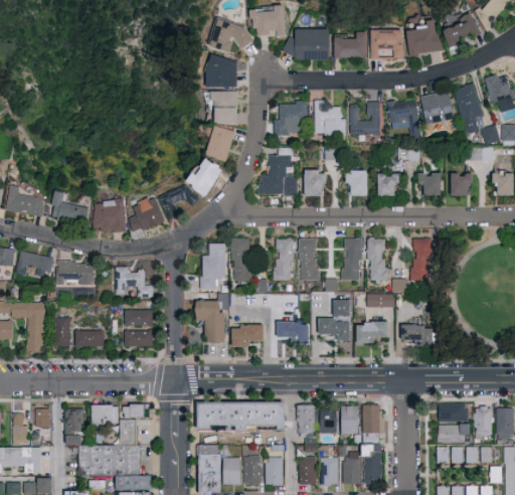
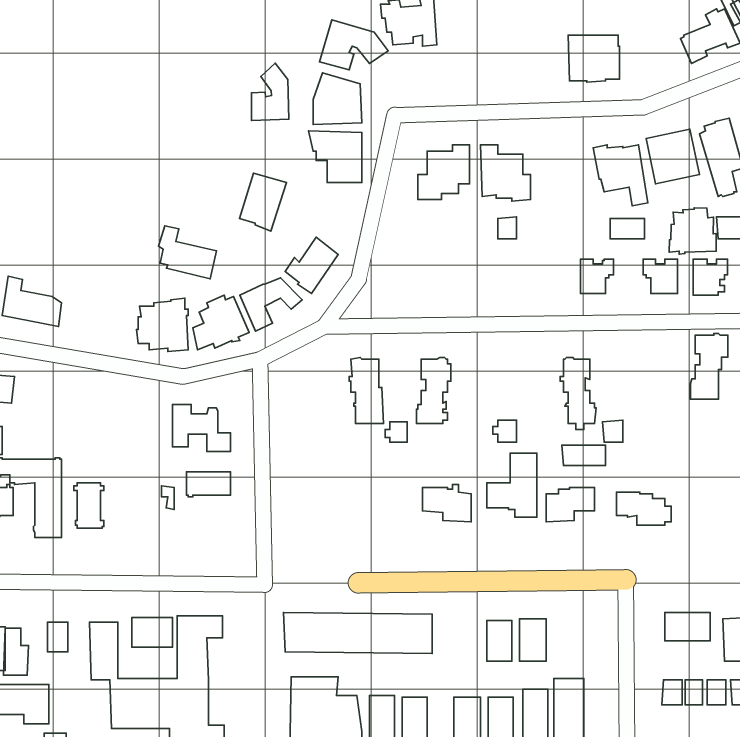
building: [407,20,445,56] -> none
building: [283,30,330,60] -> none
building: [335,32,367,59] -> none
building: none -> [251,63,289,120]
building: [350,102,380,135] -> none
building: [206,126,236,163] -> [240,173,286,231]
building: none -> [669,208,716,254]
building: [259,148,299,196] -> none
building: [305,171,327,197] -> none
building: [346,171,368,196] -> none
building: [52,192,90,226] -> [159,226,216,279]
building: [298,237,320,280] -> none
building: [342,237,364,280] -> none
building: [410,237,435,280] -> [690,334,728,399]
building: [200,242,226,289] -> none
building: [16,252,54,277] -> none
building: [57,261,95,286] -> none
building: [195,293,229,341] -> none
building: [232,324,264,346] -> none
building: [76,330,105,347] -> none
building: [126,330,154,347] -> none
building: [362,403,382,433] -> none
building: [296,404,314,433] -> none
building: [433,422,462,441] -> none

